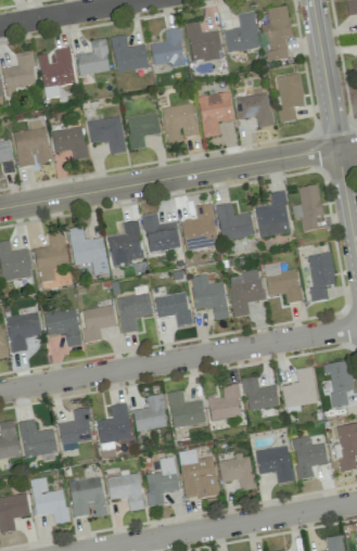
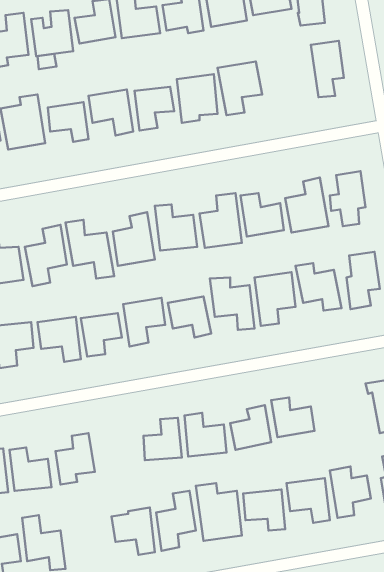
building: [235,92,273,127] -> none
building: [282,366,318,412] -> none
building: [98,402,132,443] -> none
building: [69,476,106,516] -> none

